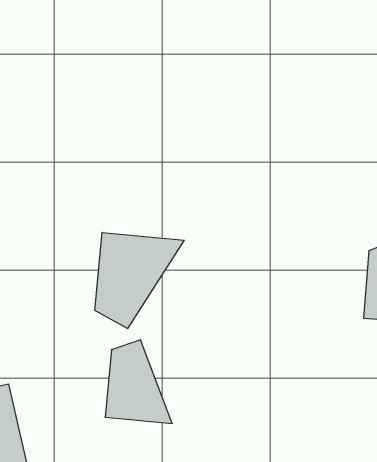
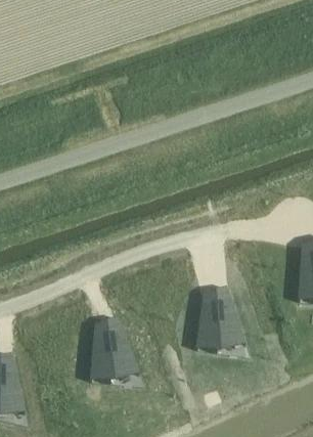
building: [95,232,184,329] -> none
building: none -> [195,285,249,353]

